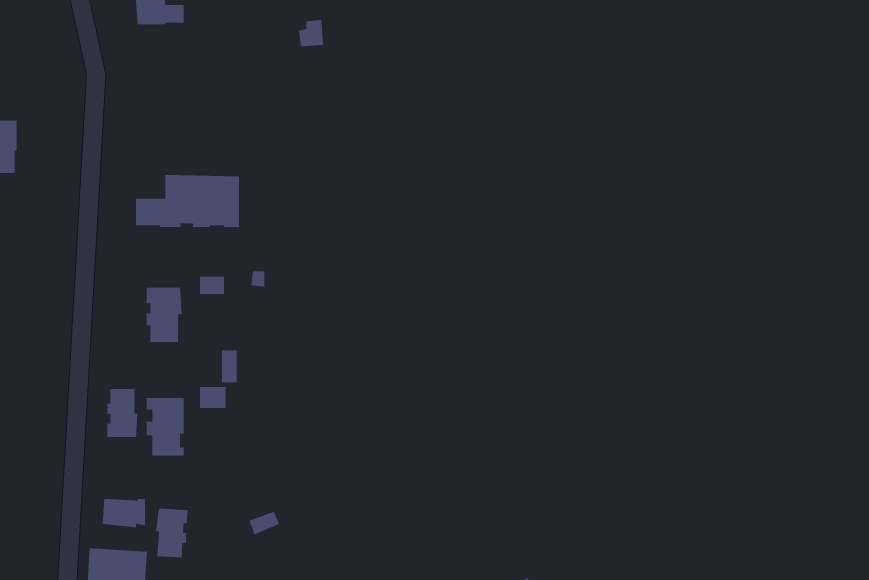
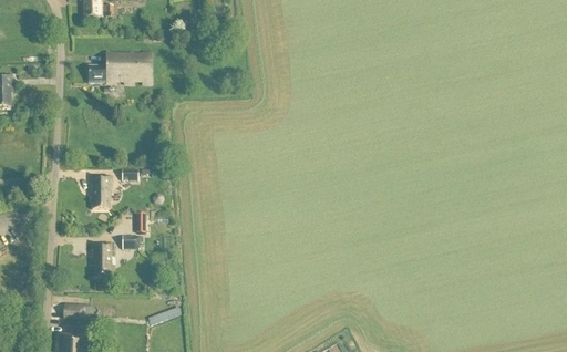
building: [135,174,240,228] -> [89,51,152,83]
building: [107,388,138,438] -> none
building: [155,508,188,558] -> none

